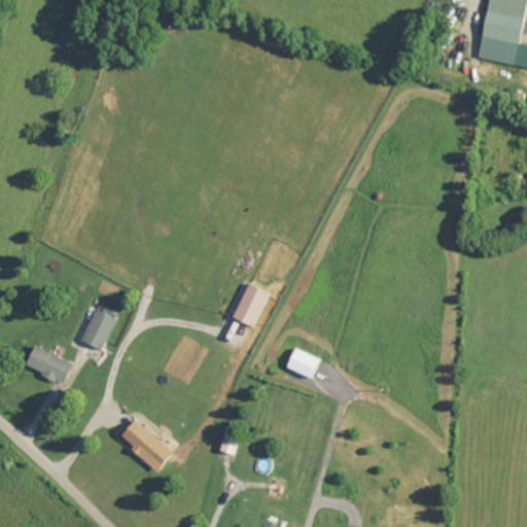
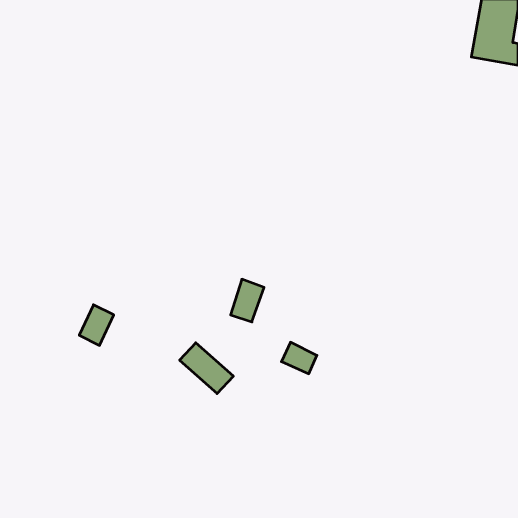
building: [24,345,71,383] -> none
building: [117,419,172,470] -> [180,343,233,394]

